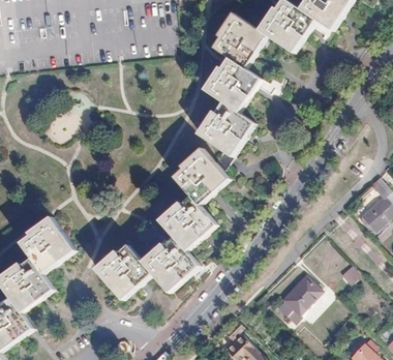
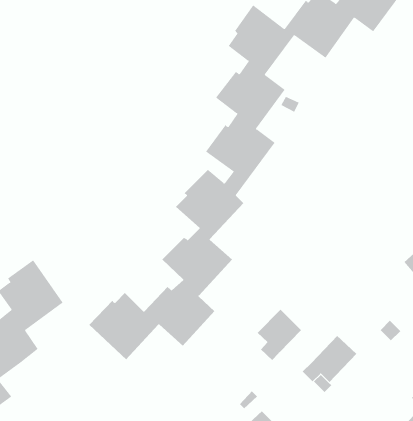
building: none -> [257,309,302,361]

